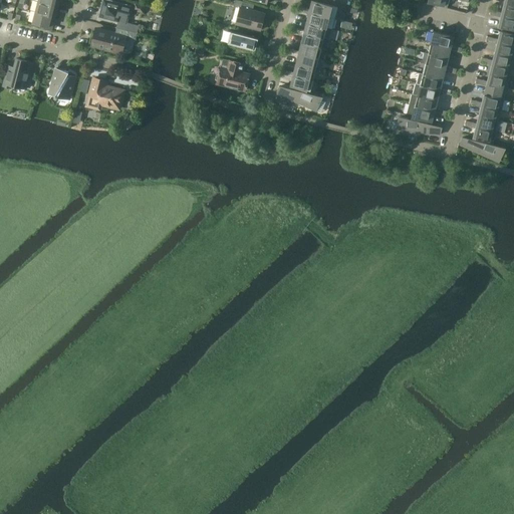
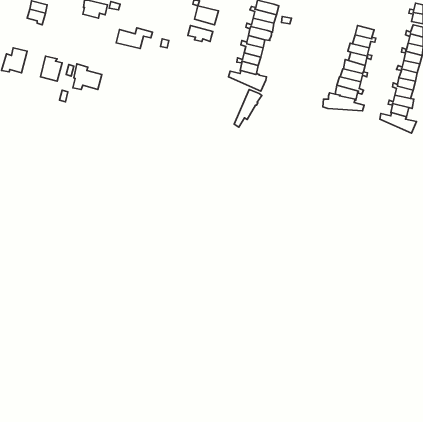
building: [92,28,137,53] -> [116,28,153,49]
building: [216,60,249,91] -> none
building: none -> [234,90,262,127]

